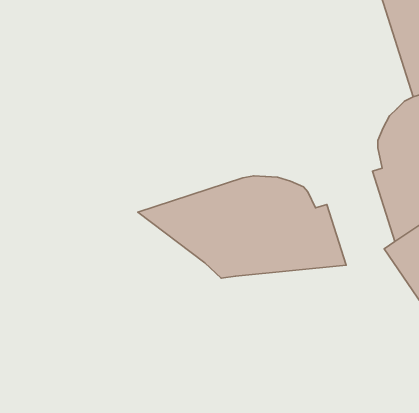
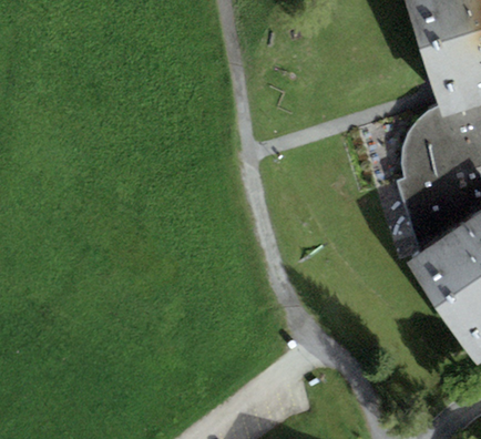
building: [138,176,346,278] -> none

